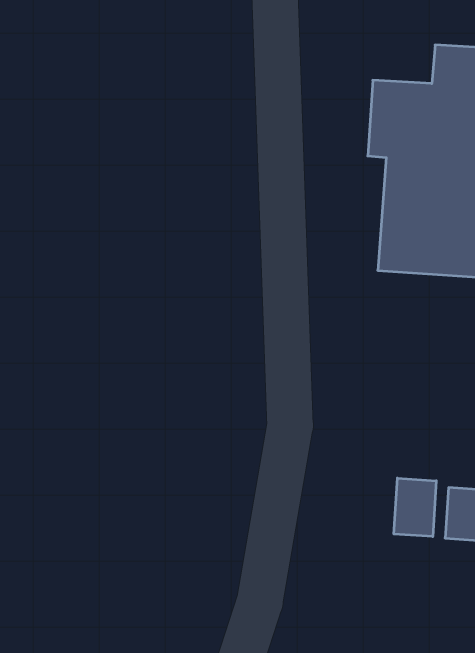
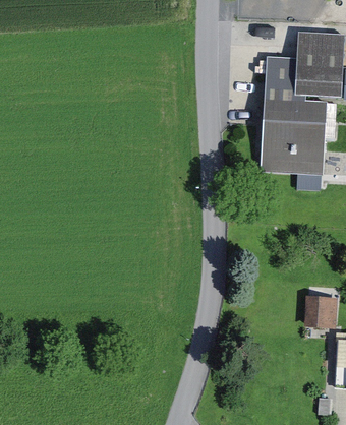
building: [394,478,436,537] -> none

